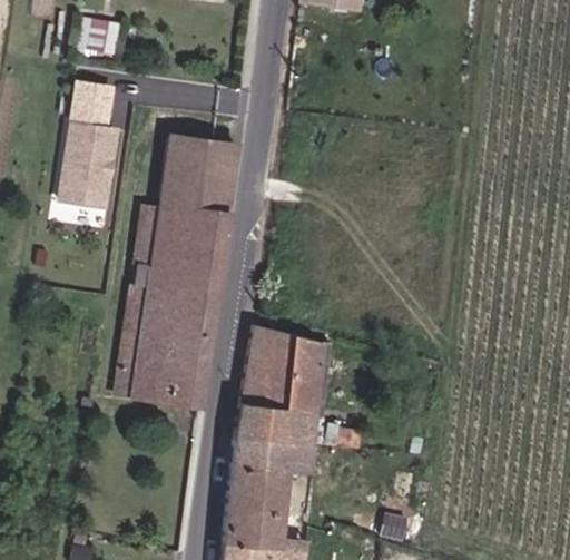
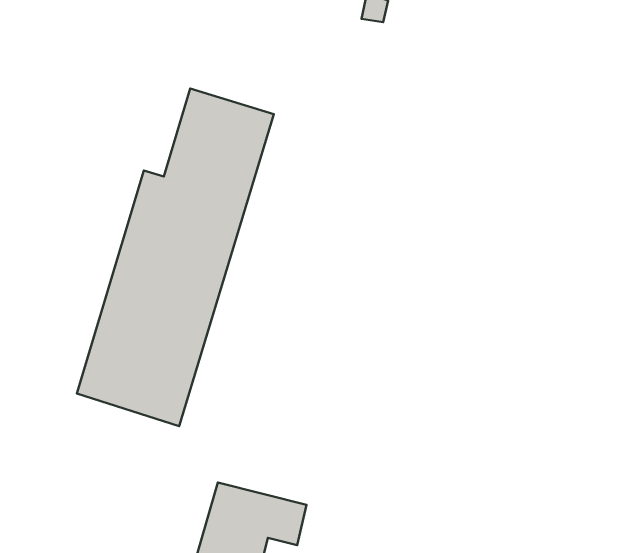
building: [60,80,117,206] -> none
building: [239,326,322,450] -> none

